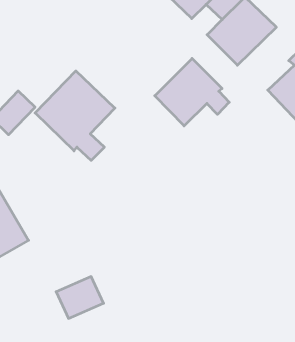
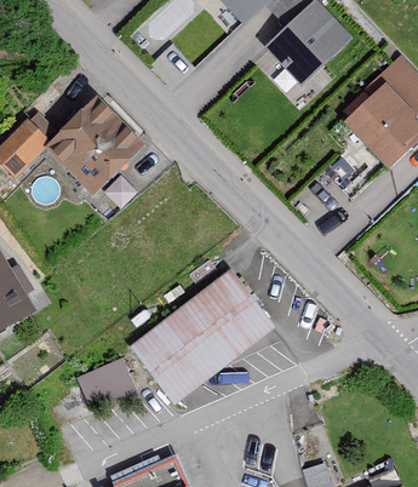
building: [155,58,229,126] -> none
building: none -> [131,268,271,400]

